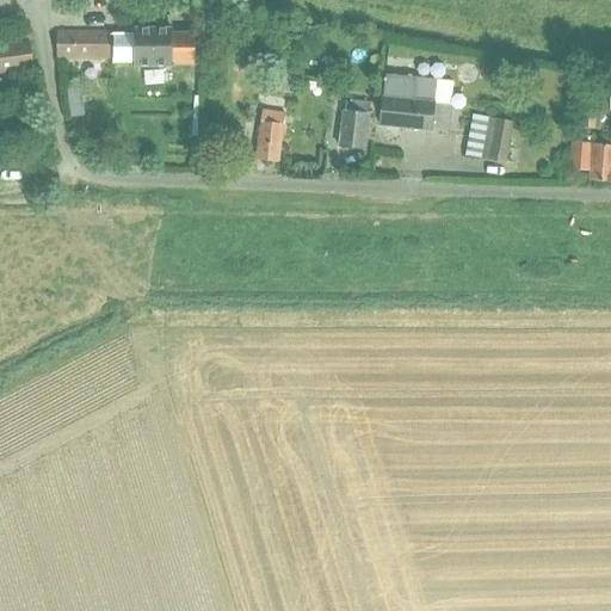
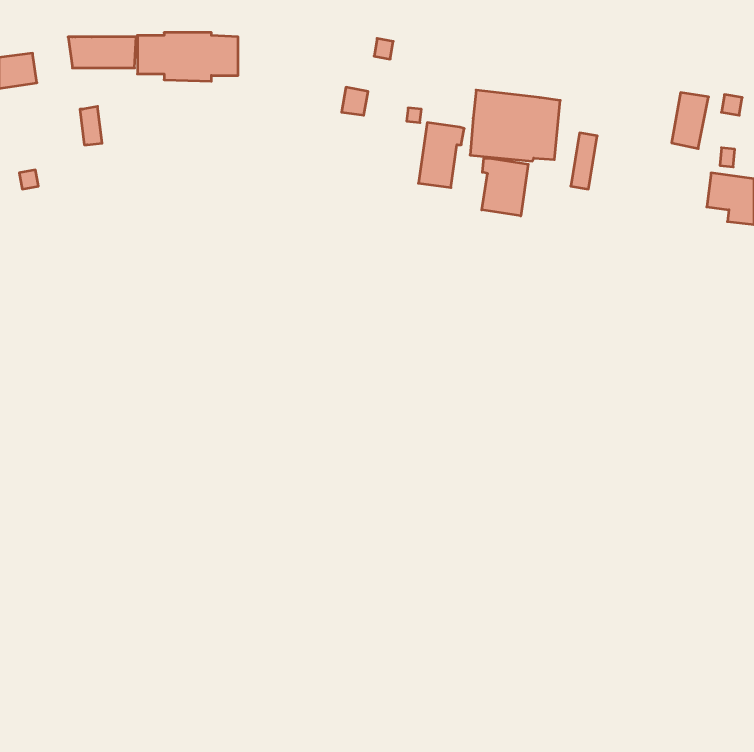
building: [257,109,286,160] -> none
building: [482,116,512,161] -> [672,93,709,149]
building: none -> [482,158,528,216]

